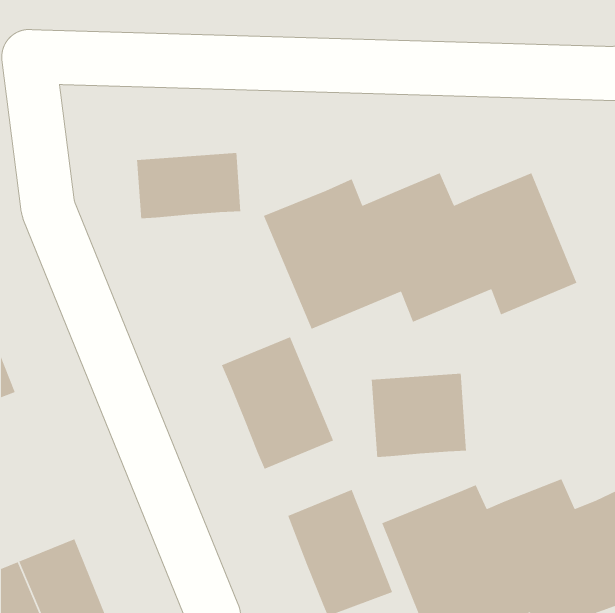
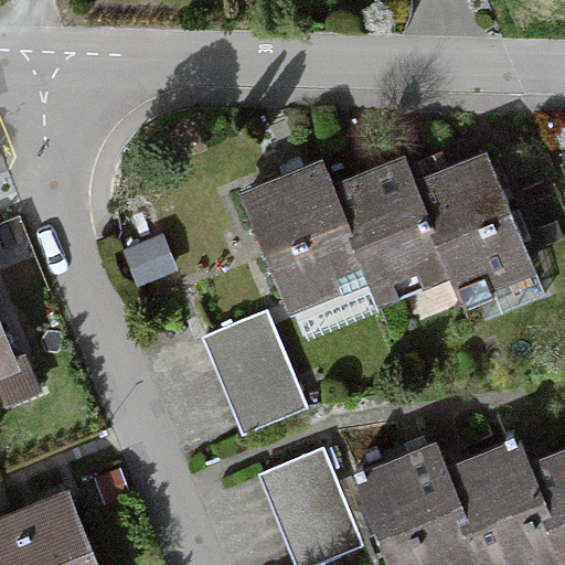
building: [136,152,241,219] -> none
building: [371,373,467,458] -> none

